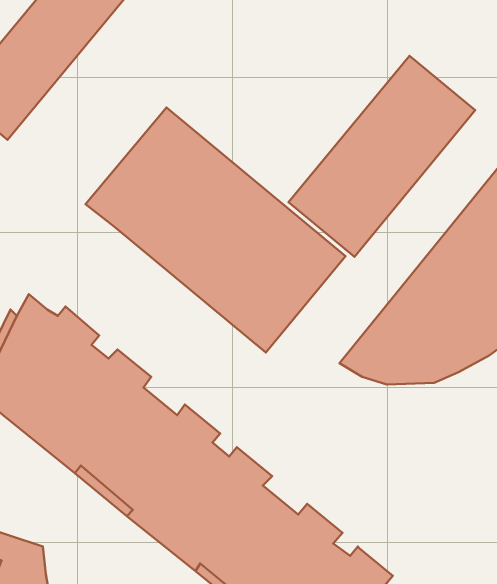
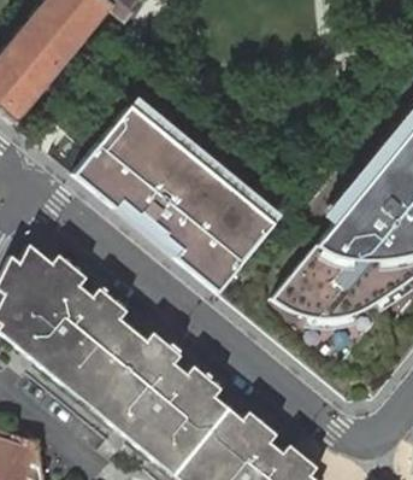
building: [288,56,475,257] -> none

